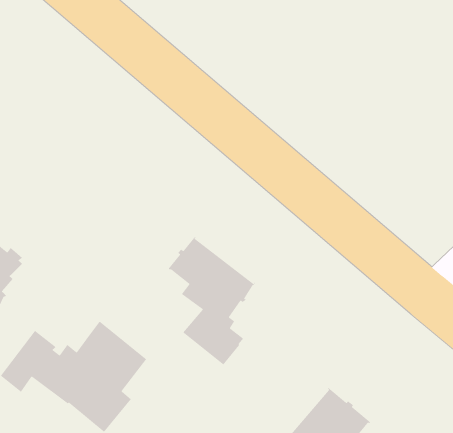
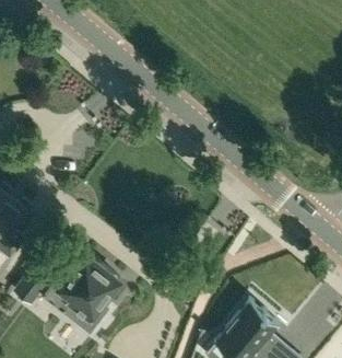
building: [168,236,256,366] -> none

